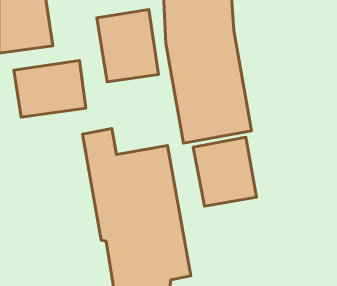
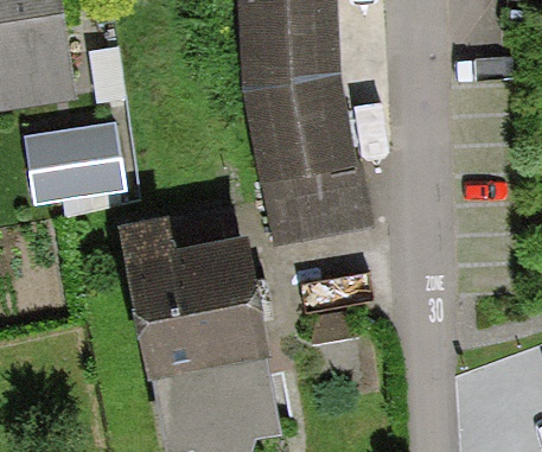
building: [97,9,159,82] -> none
building: [193,137,256,206] -> none

